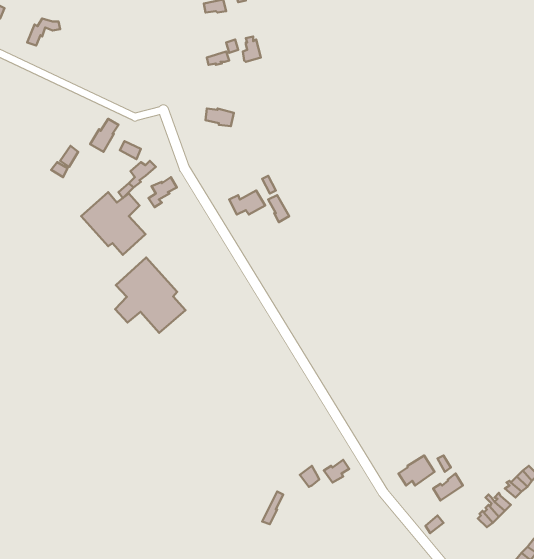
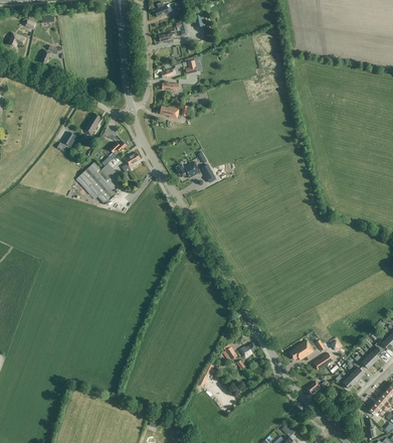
building: [115,258,186,333] -> none

